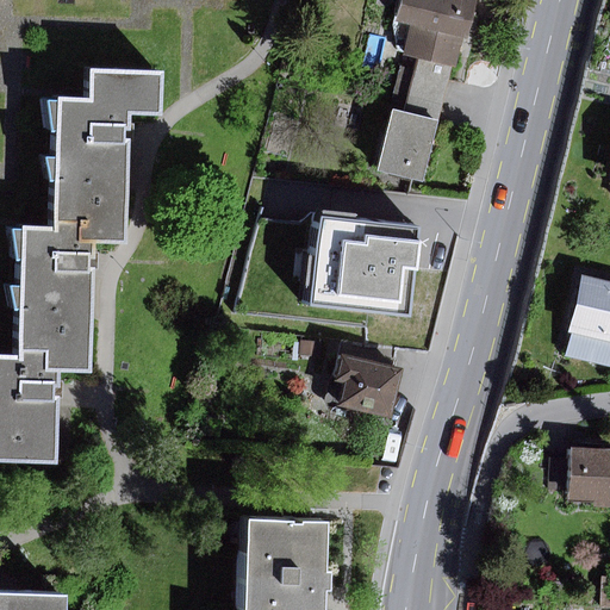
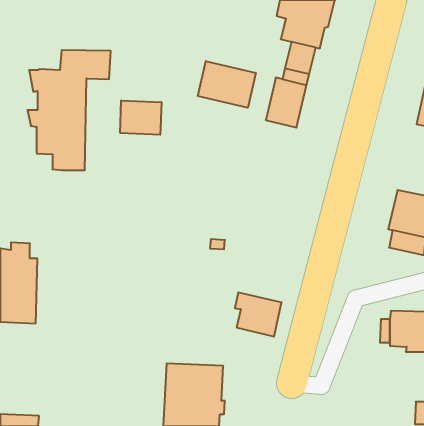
building: none -> [198,61,256,108]
building: none -> [120,100,161,135]
building: [305,214,416,312] -> none
building: [7,219,92,369] -> none
building: [340,356,406,419] -> [235,292,282,337]

